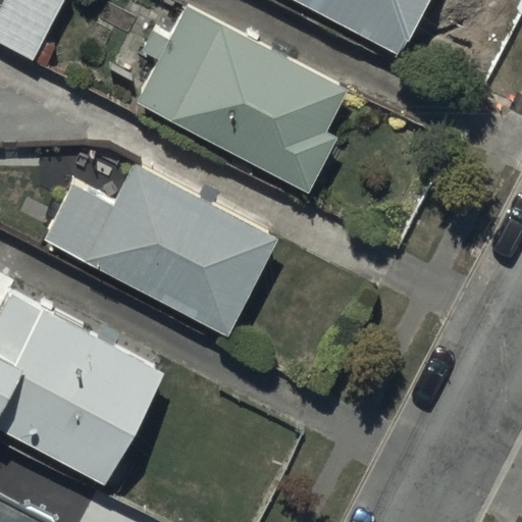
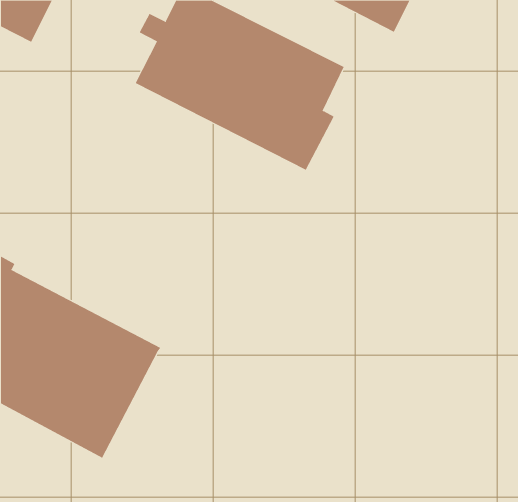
building: [39,161,275,332] -> none

